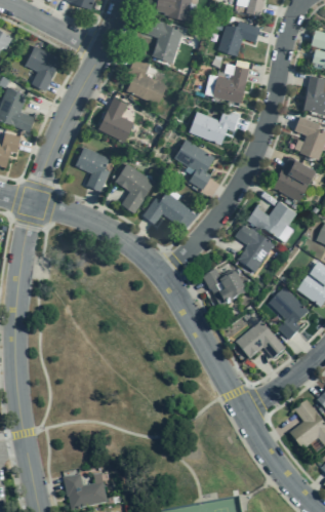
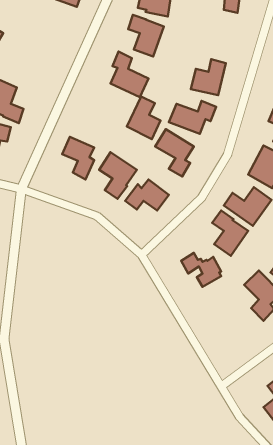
building: [218,21,260,55] -> none
building: [26,45,62,90] -> none
building: [98,96,134,142] -> [127,96,161,139]
building: [235,321,285,360] -> none

